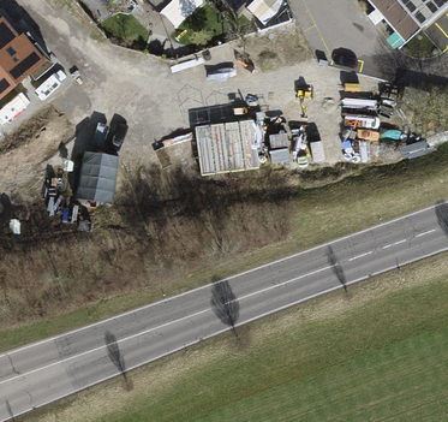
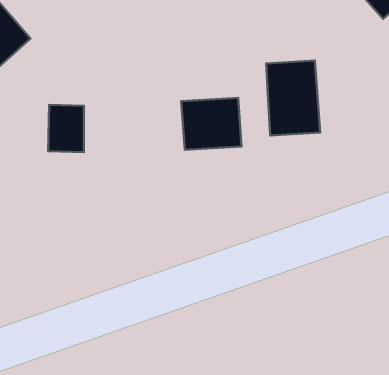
building: none -> [266,61,320,136]

